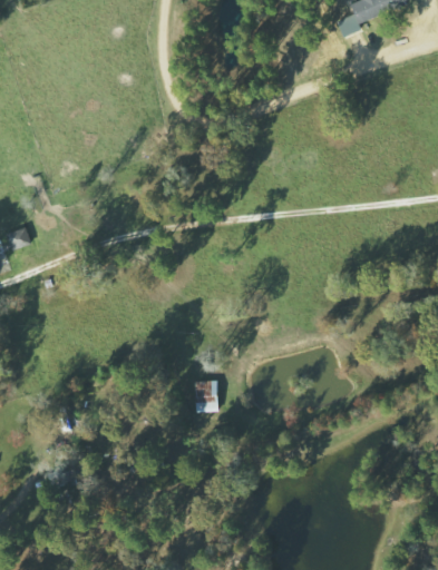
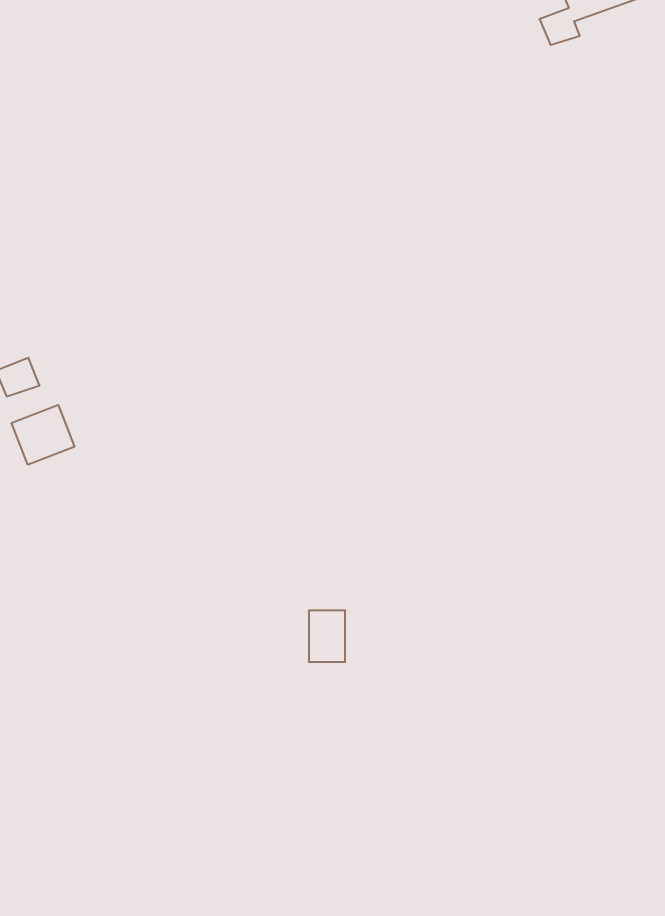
building: none -> [12,405,74,465]

